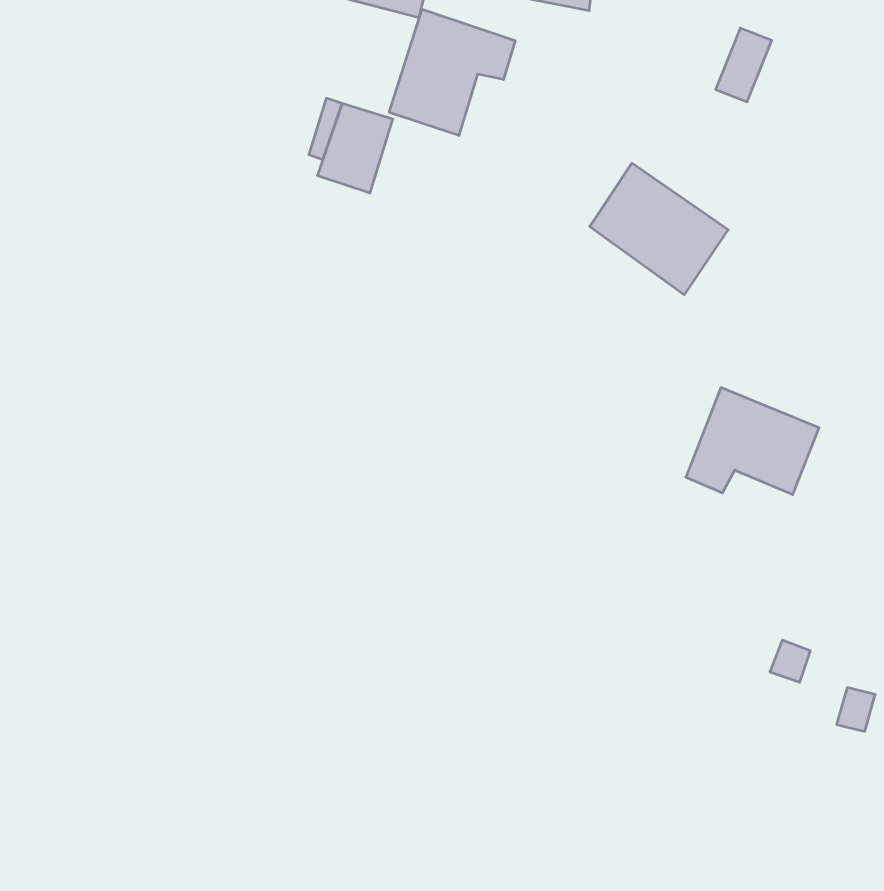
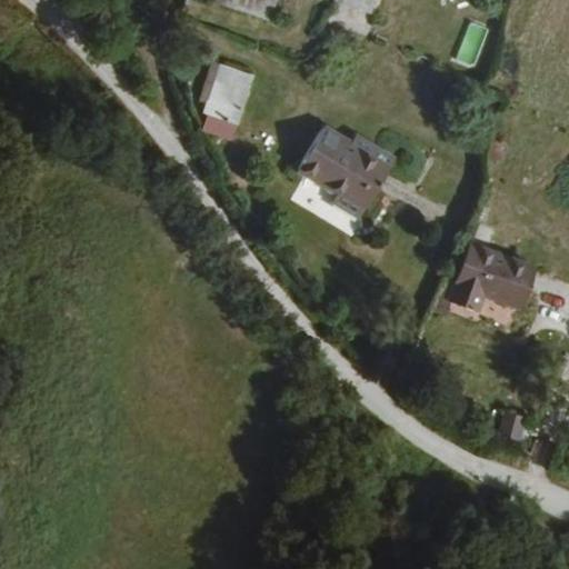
building: [389,9,515,136] -> none
building: [590,163,728,295] -> [301,126,389,209]

